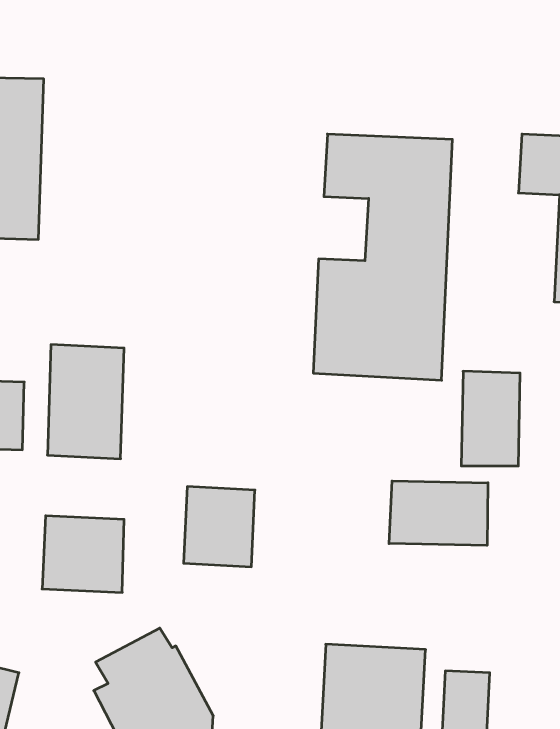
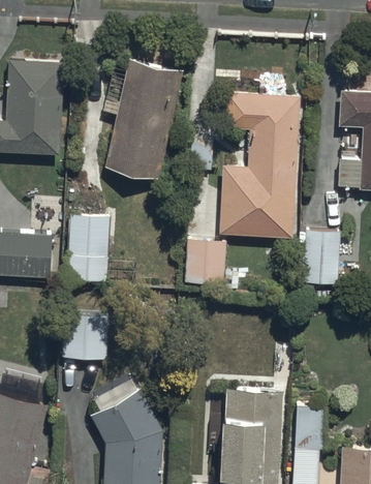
building: none -> [102,60,185,181]
building: [389,481,488,545] -> none
building: [184,487,255,567] -> [185,238,226,284]

